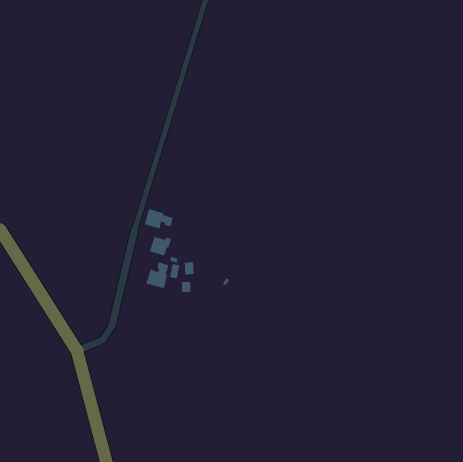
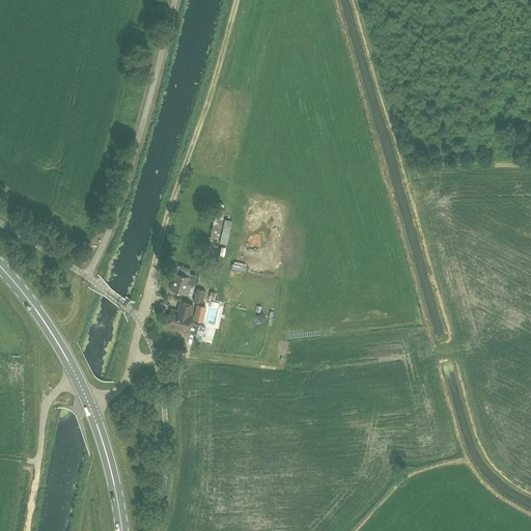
building: [144,208,173,229] -> none

